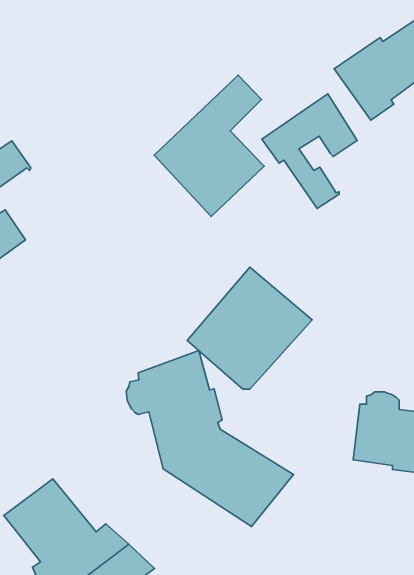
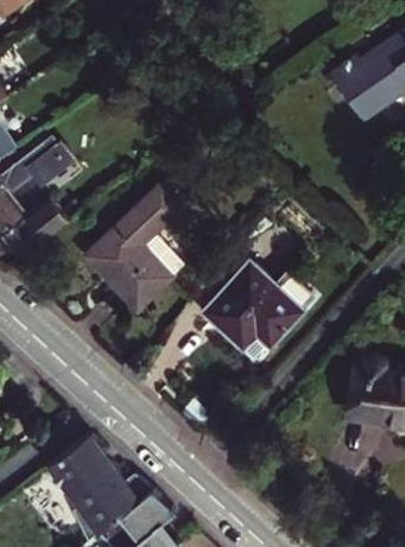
building: [154,75,264,216] -> [90,186,186,310]
building: [262,94,357,208] -> none
building: [126,351,293,527] -> none

